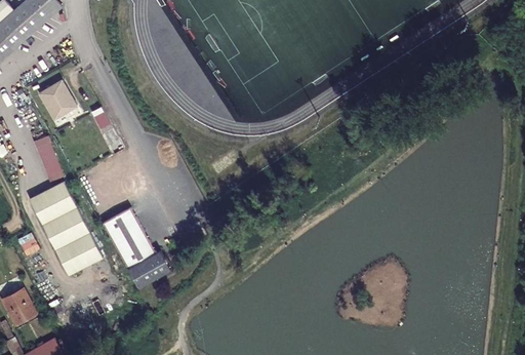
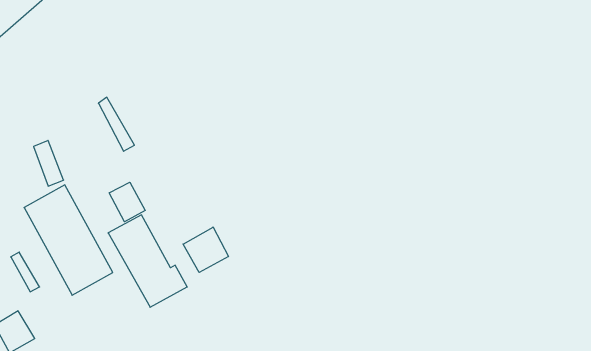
building: [38,80,76,119] -> none
building: none -> [109,182,145,222]
building: none -> [183,227,228,272]

